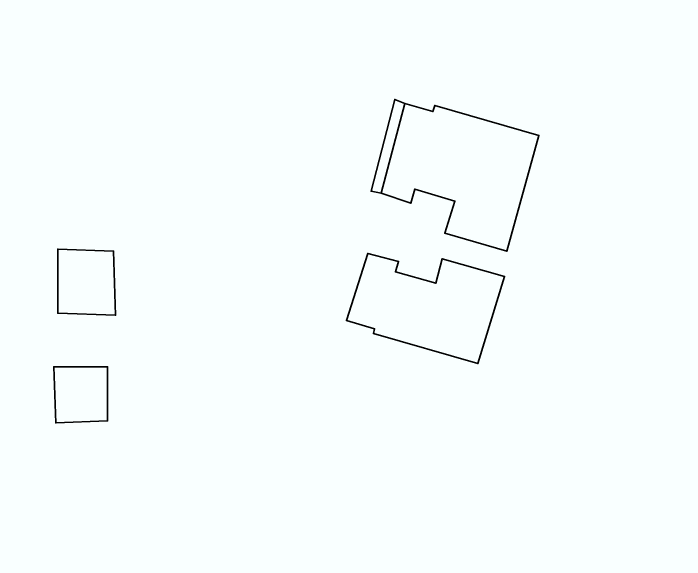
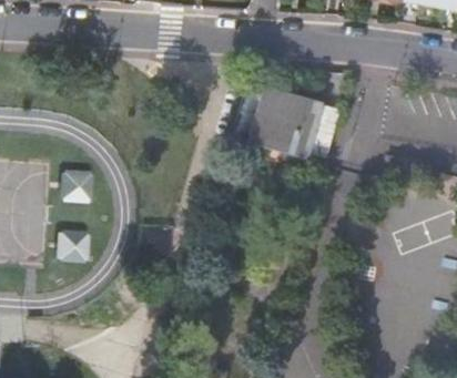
building: [346,254,504,364] -> none

